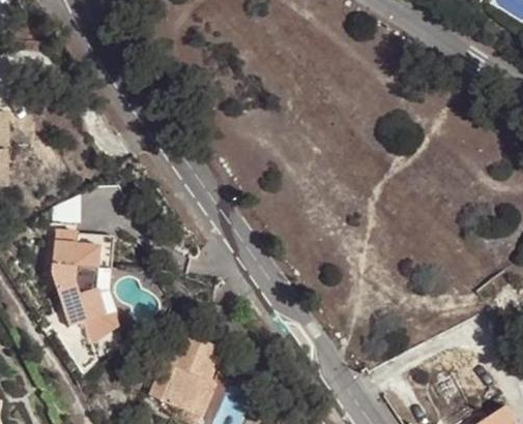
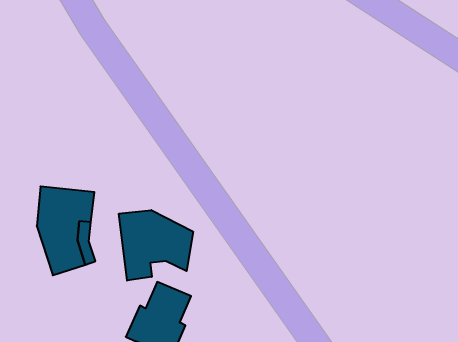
building: none -> [119,210,193,281]

